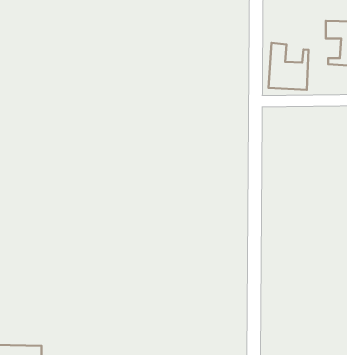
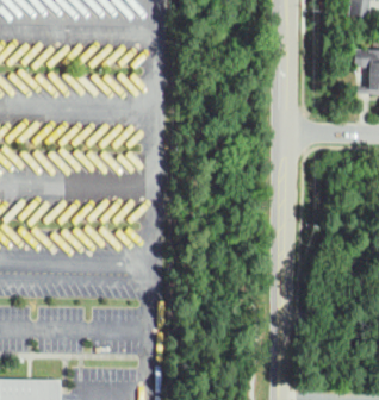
building: [268,43,309,90] -> none

